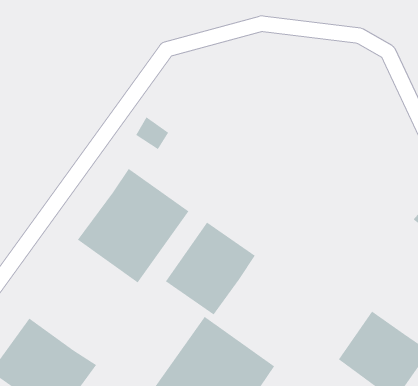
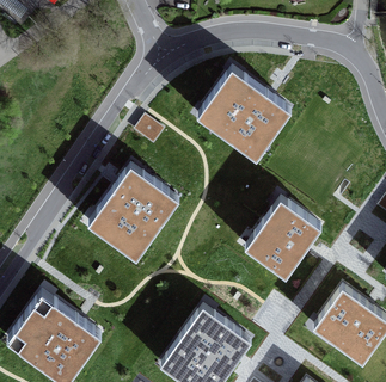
building: none -> [192,62,294,159]
building: [165,222,256,315] -> [243,195,323,277]

